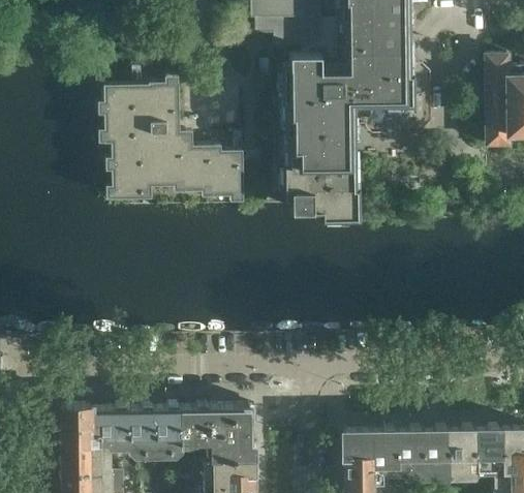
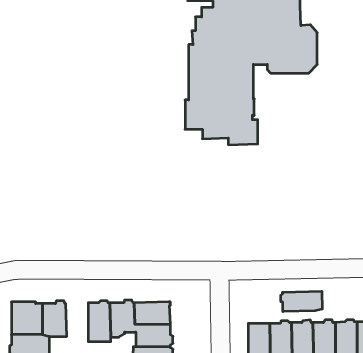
building: [104,83,244,199] -> none
building: none -> [281,291,322,312]
building: [128,405,155,454] -> none

